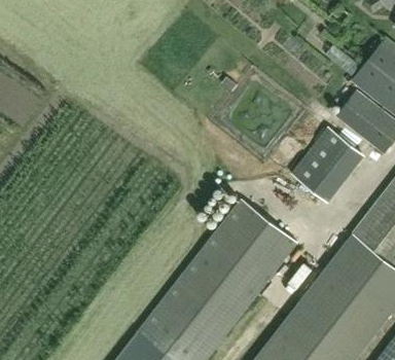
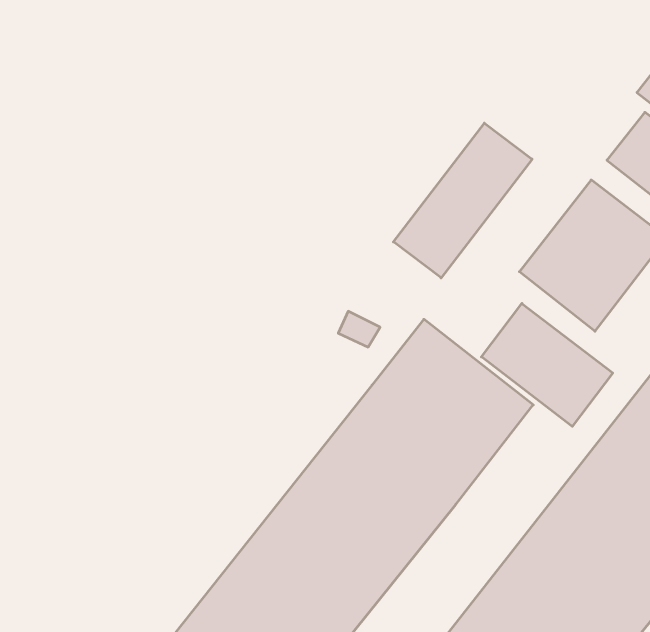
building: none -> [393,123,532,278]
building: none -> [481,303,613,426]

